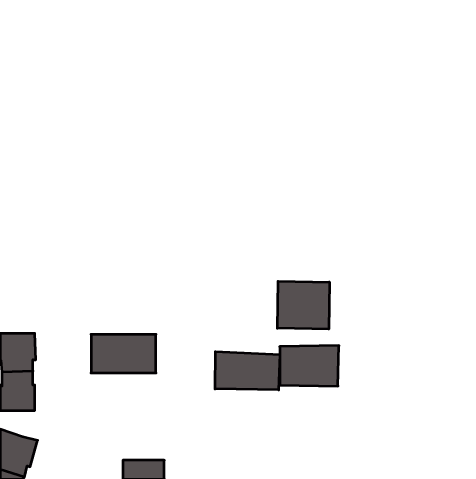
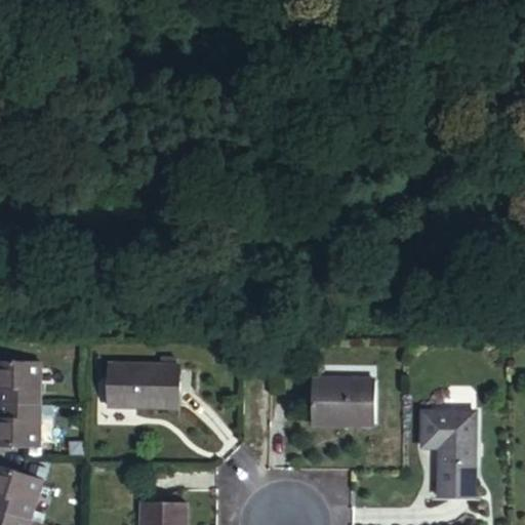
building: [277,281,329,329] -> none
building: [215,352,280,390] -> none
building: none -> [418,409,473,483]

